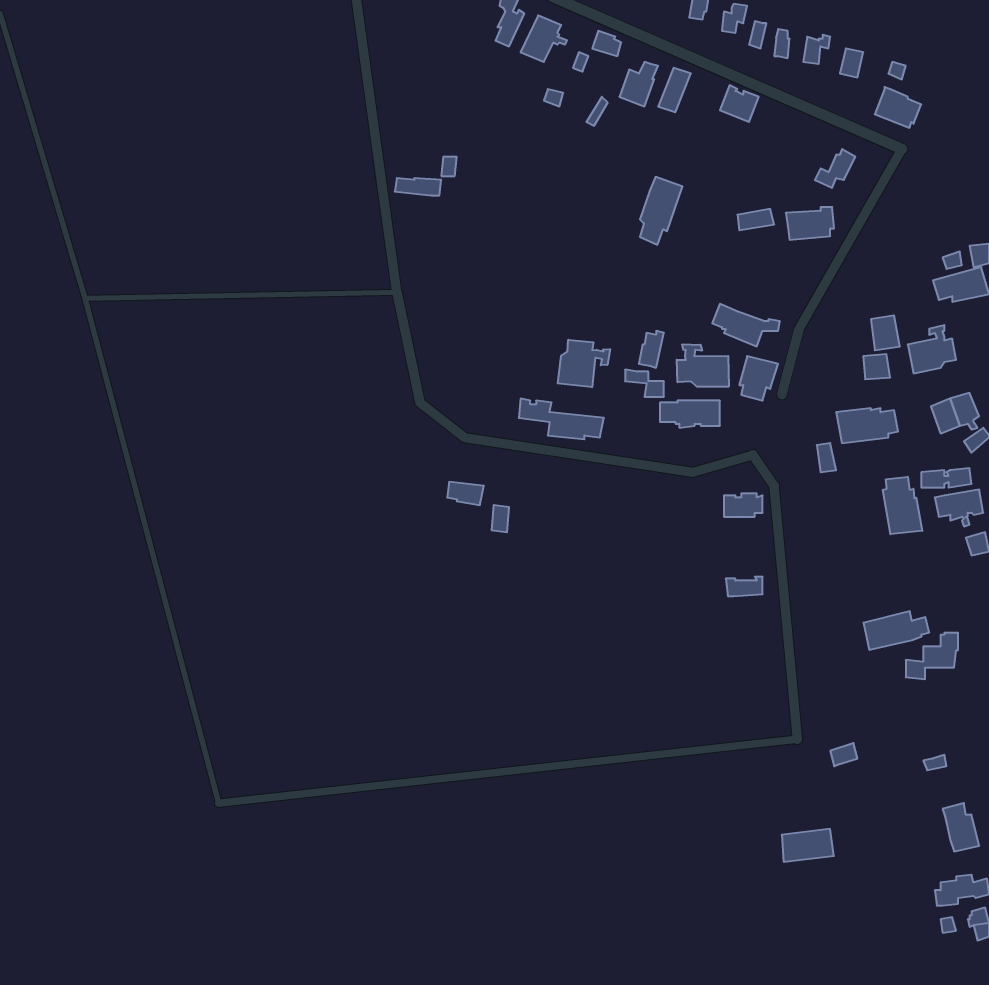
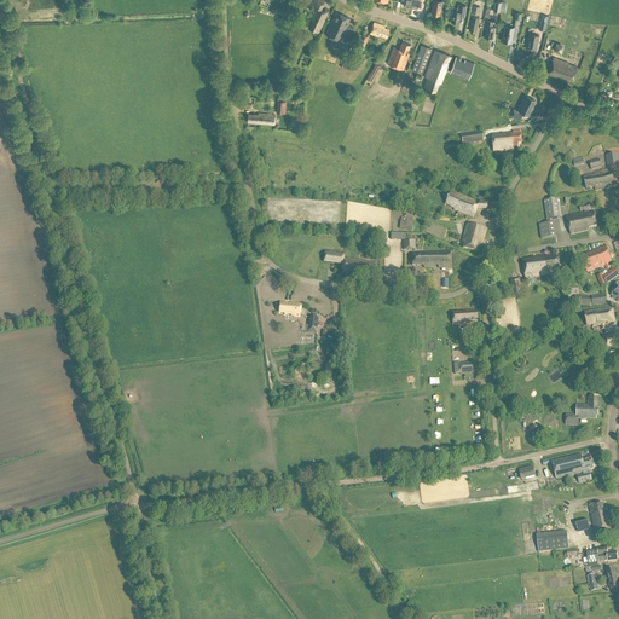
building: [640,177,683,245] -> [424,47,451,89]
building: [558,340,610,387] -> none
building: [677,344,729,387] -> none
building: [883,477,922,534] -> none
building: [863,611,929,650] -> [553,453,594,478]
building: [782,829,834,862] -> [537,531,569,551]

